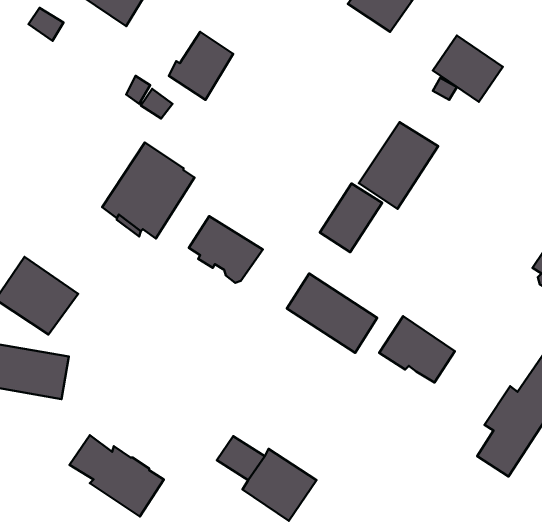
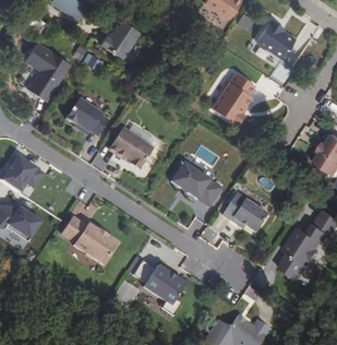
building: none -> [22,32,71,92]
building: [320,183,382,252] -> none
building: [70,435,164,516] -> [62,219,118,267]

